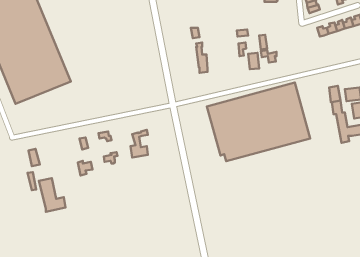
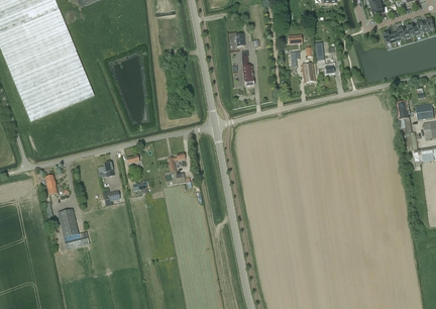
building: [207,83,310,161] -> none

